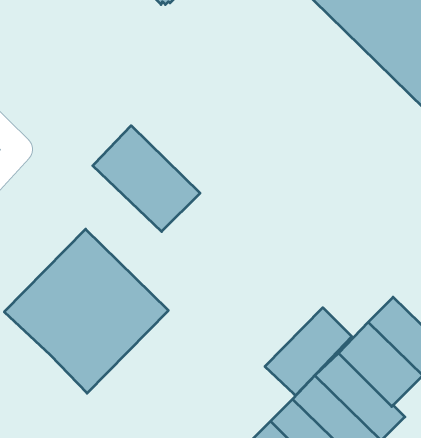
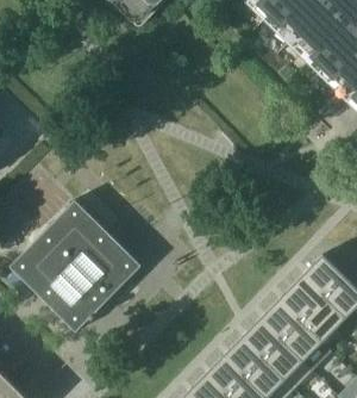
building: [93,126,200,232] -> none
building: [265,308,352,396] -> none

